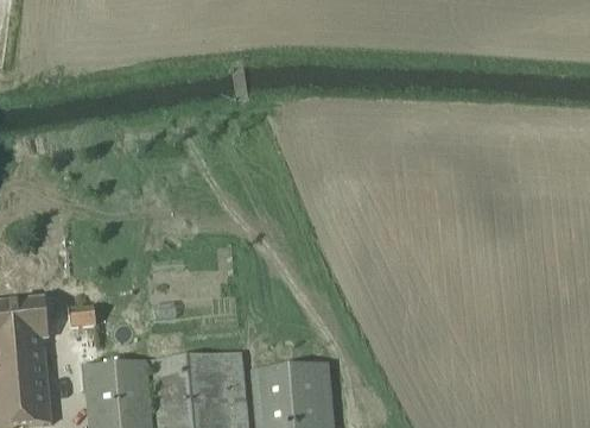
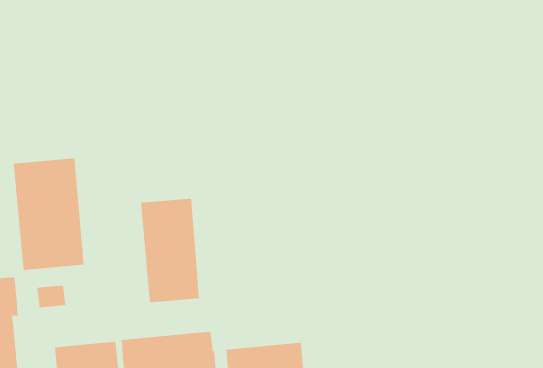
building: none -> [13,157,84,271]
building: none -> [141,198,199,303]

